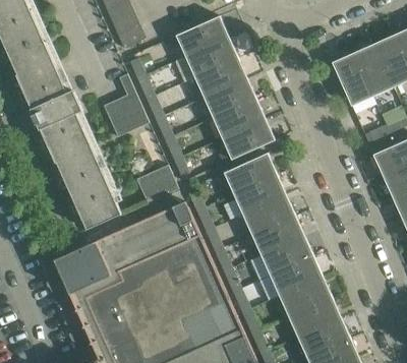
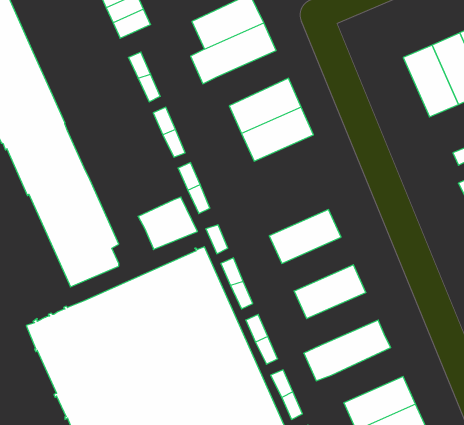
building: [193,57,246,98] -> none
building: [103,73,149,136] -> none
building: [221,119,274,160] -> none
building: [223,153,276,193] -> none
building: [241,194,294,234] -> none
building: [259,235,312,275] -> none
building: [278,276,331,316] -> none

